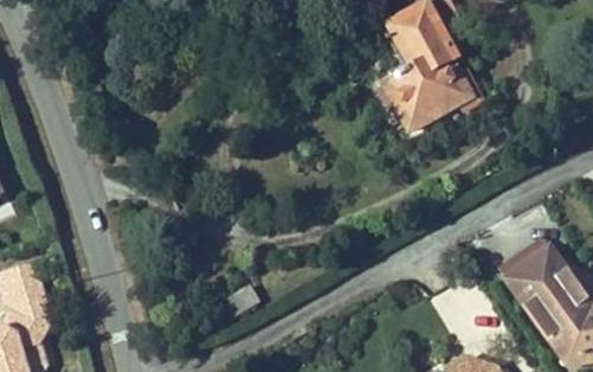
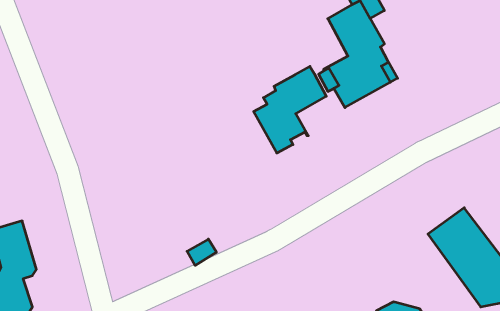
building: none -> [254,66,326,153]

